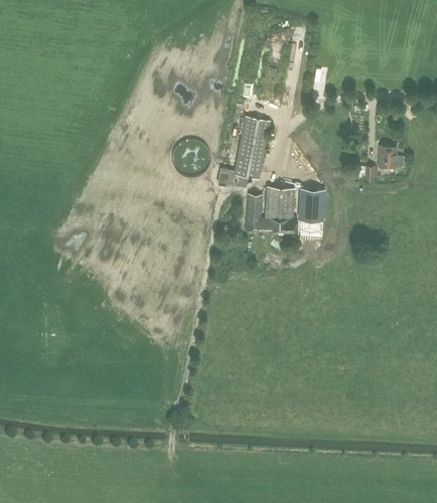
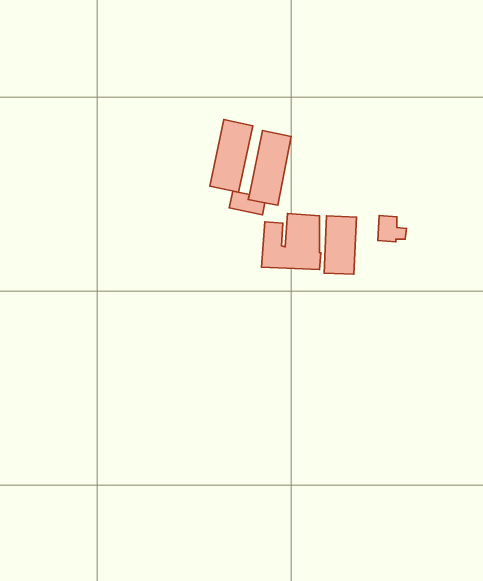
building: none -> [210,119,253,192]
building: [379,144,403,166] -> [378,216,406,242]

